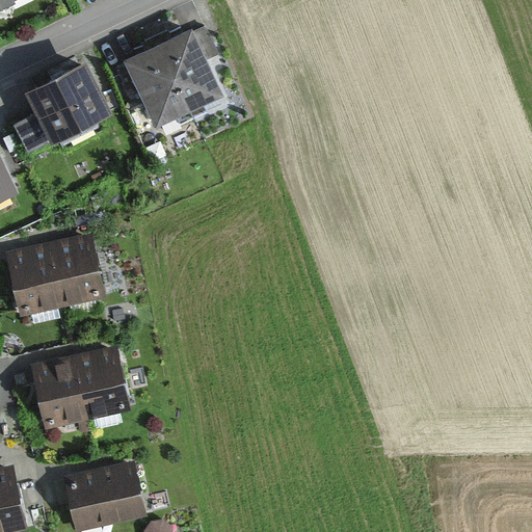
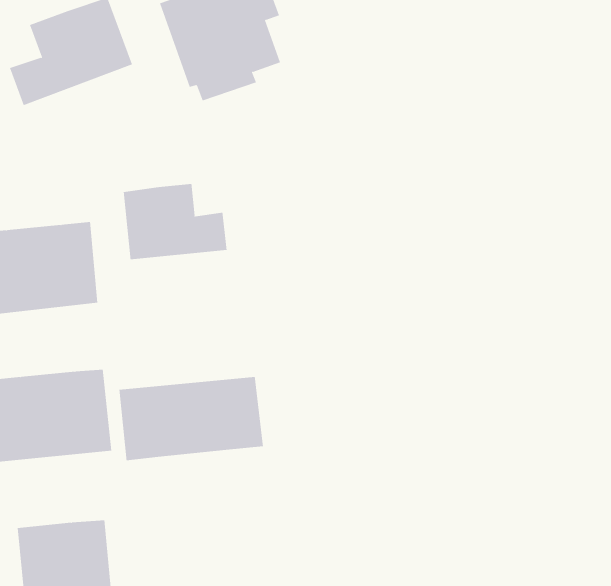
building: none -> [123,183,227,260]
building: none -> [119,376,264,461]

